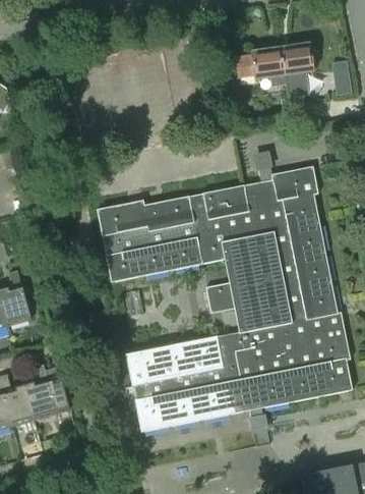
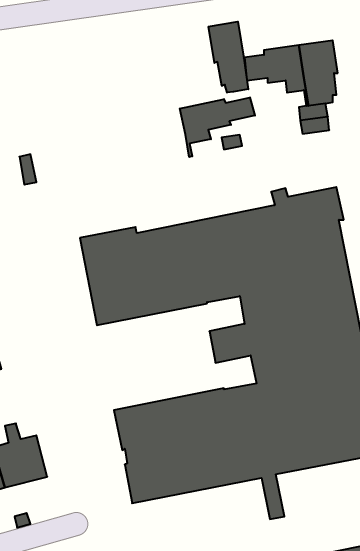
building: none -> [209,22,248,93]
building: none -> [180,97,255,157]

